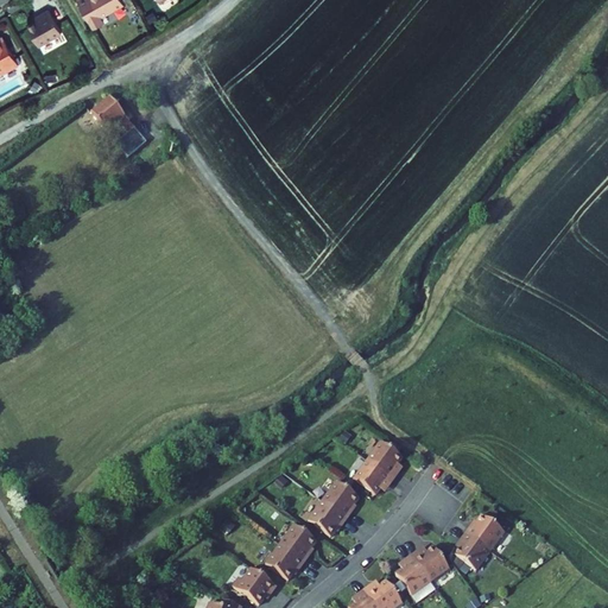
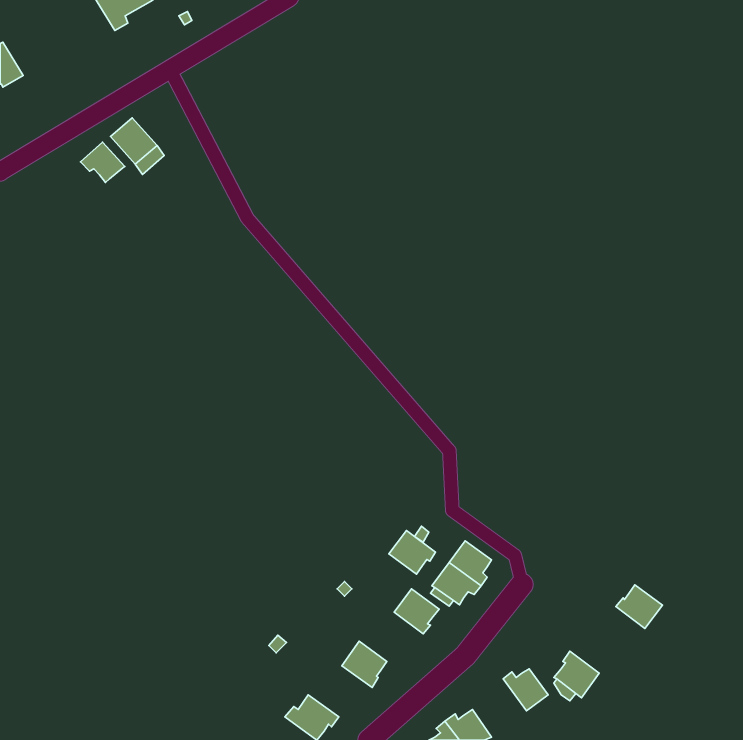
building: [28,7,62,44] -> none
building: none -> [80,142,125,183]
building: [308,500,346,536] -> [389,531,436,574]
building: [466,514,504,550] -> [616,585,662,628]
building: [266,544,304,580] -> none
building: [395,555,430,594] -> none

